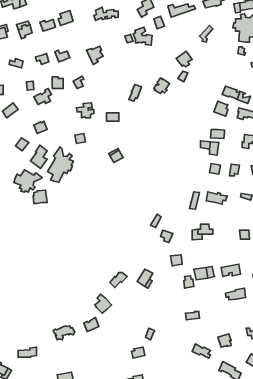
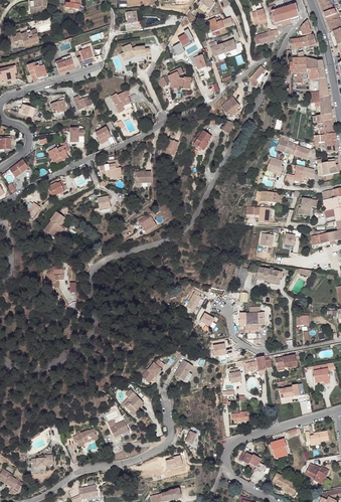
building: [47,147,74,182] -> none
building: [14,170,42,192] -> none

